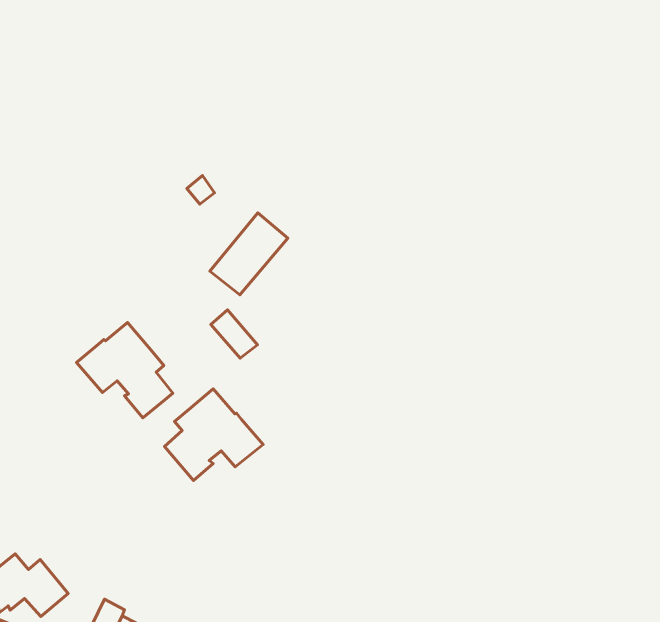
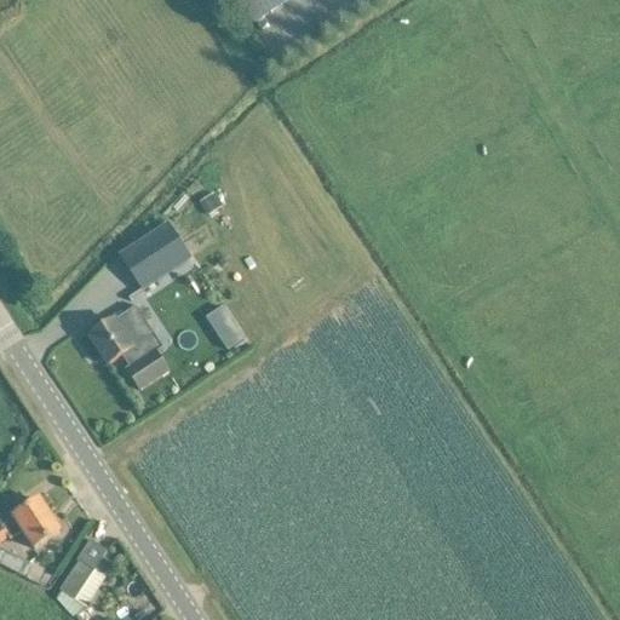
building: [210,213,288,295] -> [103,225,172,293]
building: [164,389,263,481] -> none

